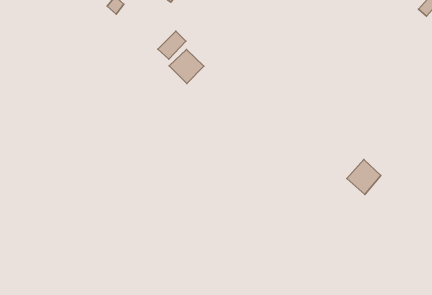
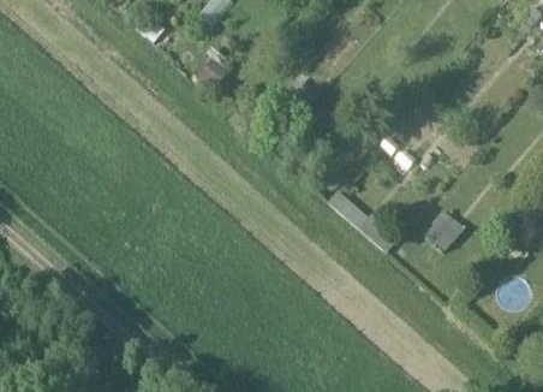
building: [169,50,204,83] -> none

